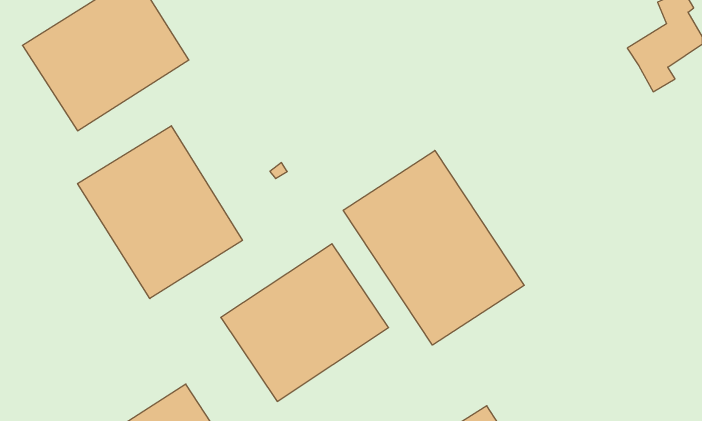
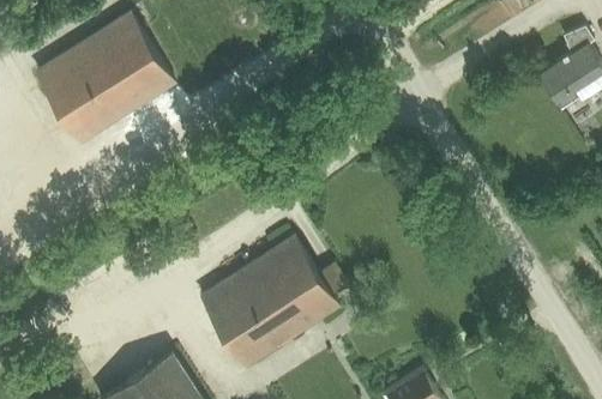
building: [78,126,242,299] -> none
building: [343,150,524,345] -> none

